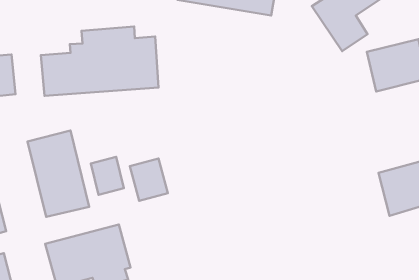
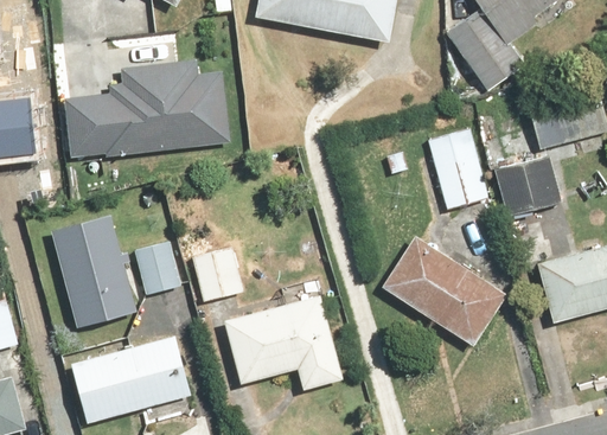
building: none -> [424,123,487,210]
building: none -> [492,154,560,219]
building: none -> [381,232,506,346]
building: none -> [224,275,344,388]

